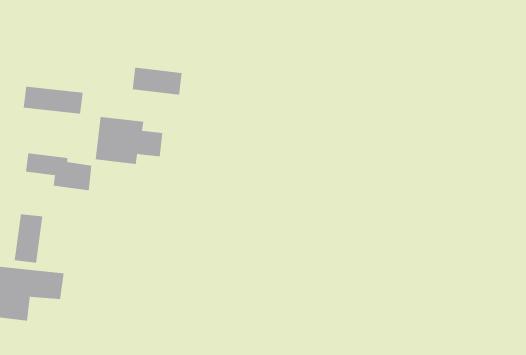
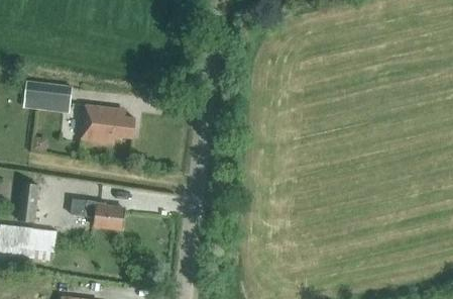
building: [132,67,182,96] -> none
building: [25,153,92,191] -> [72,199,125,229]

